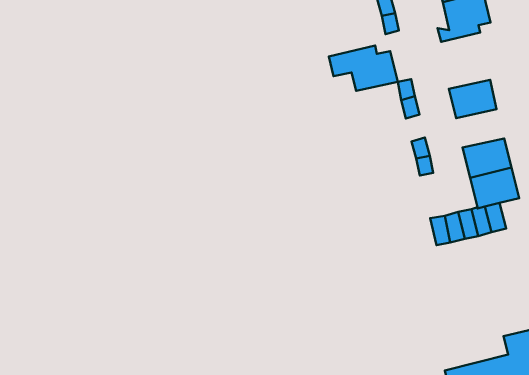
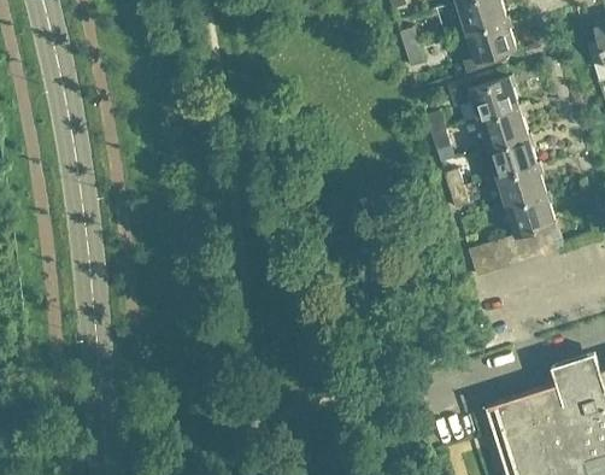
building: [329,45,398,91] -> [448,74,519,121]
building: none -> [478,137,538,182]

